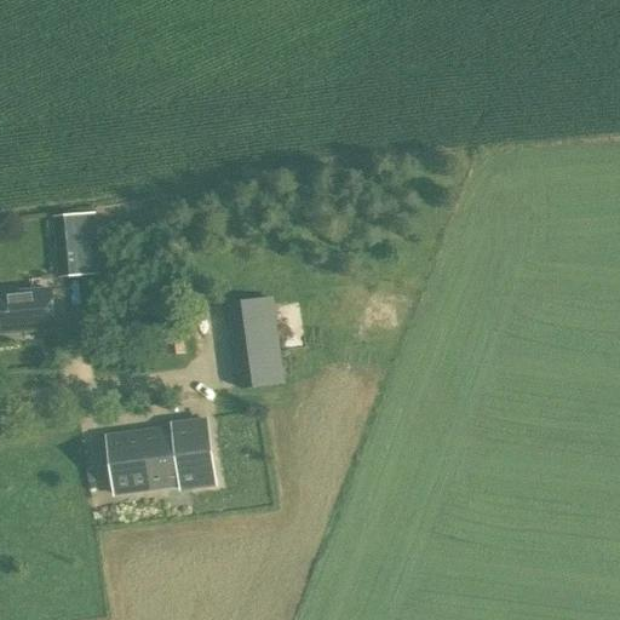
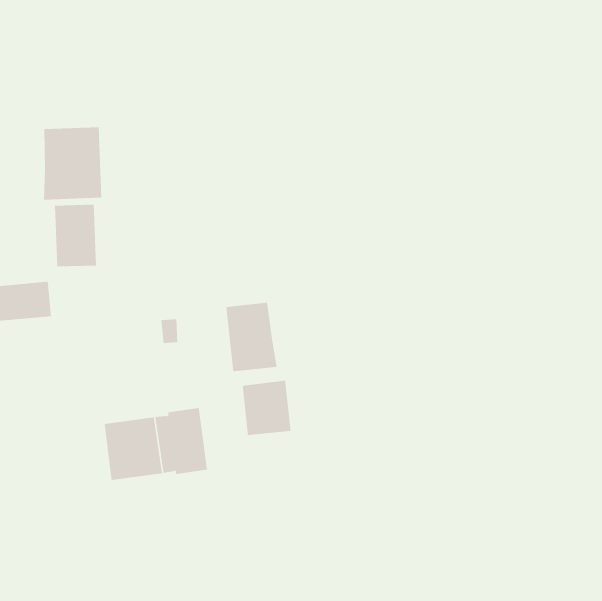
building: none -> [44,127,102,201]
building: none -> [242,380,291,436]

